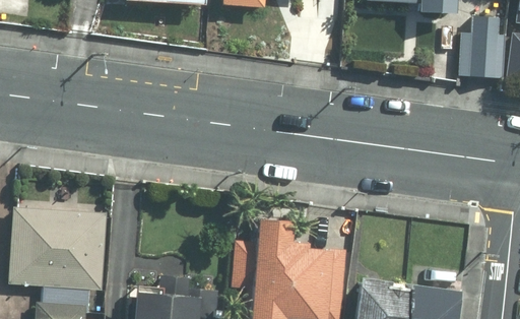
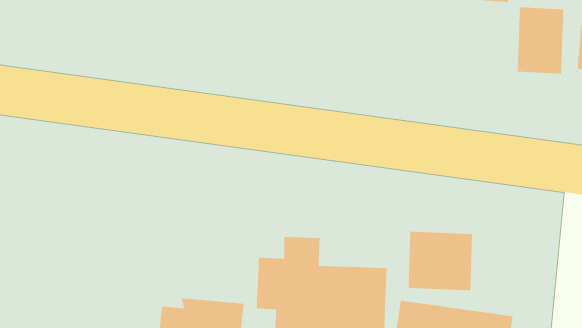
building: [11,209,104,288] -> none
building: none -> [408,231,473,291]

